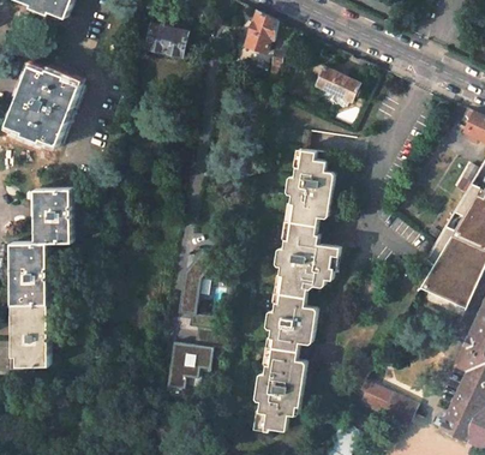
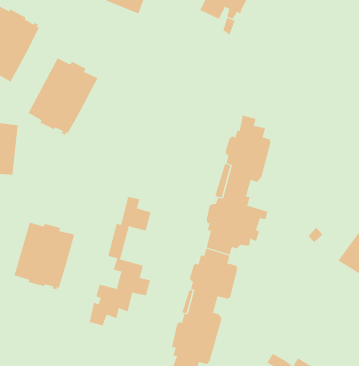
building: [313,66,358,106] -> none
building: none -> [28,57,98,135]
building: none -> [14,222,75,290]

